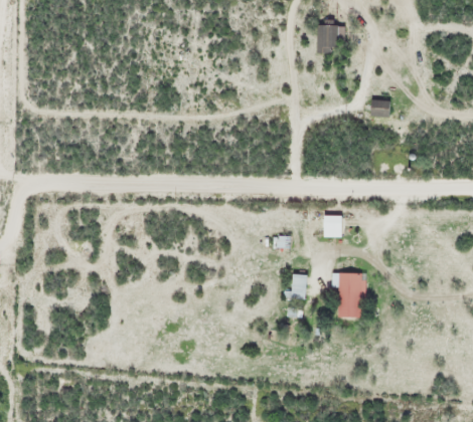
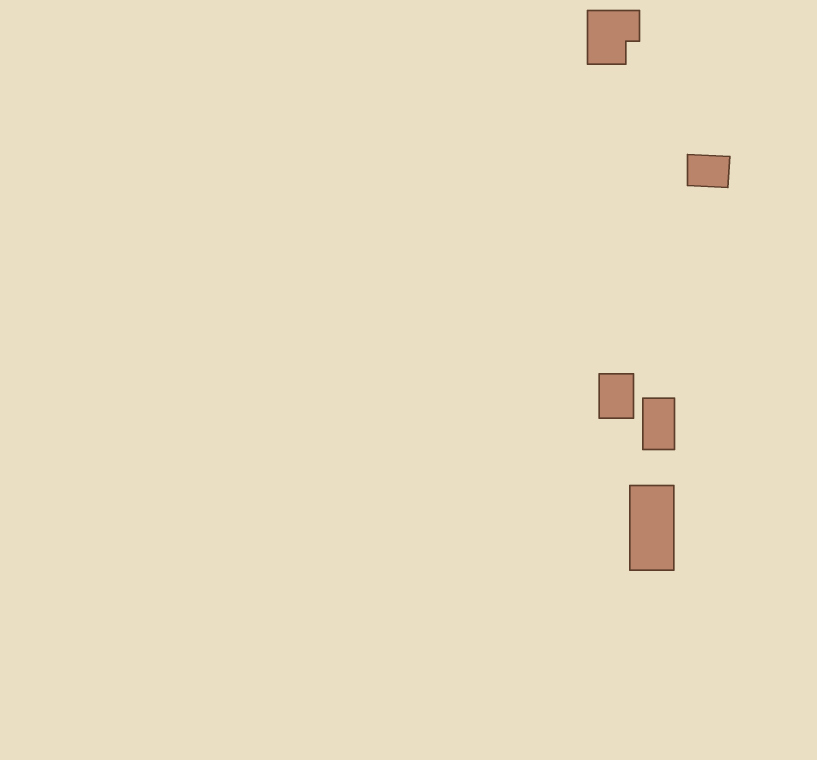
building: none -> [643,398,675,449]
building: [291,274,306,298] -> none

